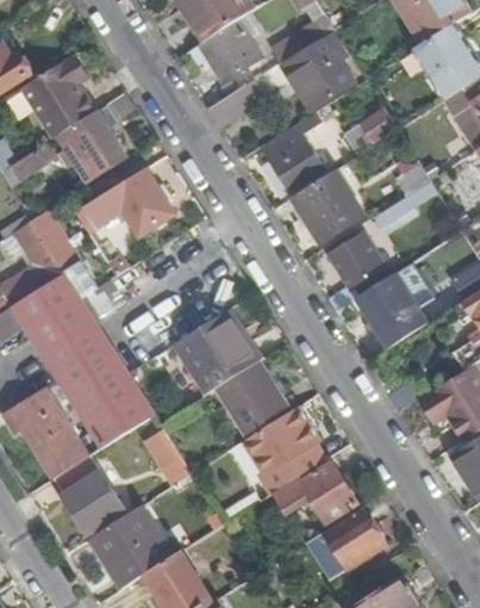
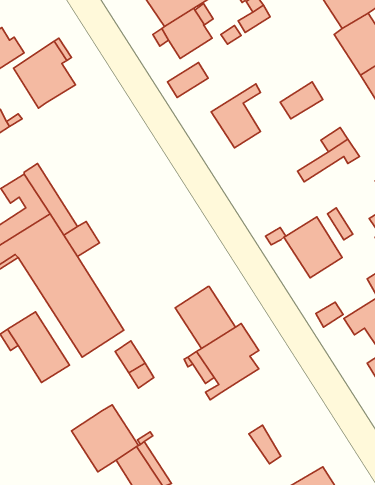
building: [281,33,354,110] -> none
building: [56,104,126,182] -> none
building: [86,167,173,236] -> none
building: [270,170,360,238] -> none
building: [329,235,381,287] -> none
building: [173,308,256,392] -> none
building: [51,454,126,538] -> none
building: [273,463,356,521] -> none
building: [323,507,385,569] -> none

